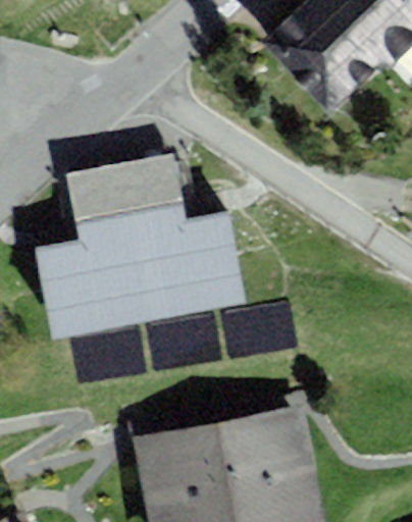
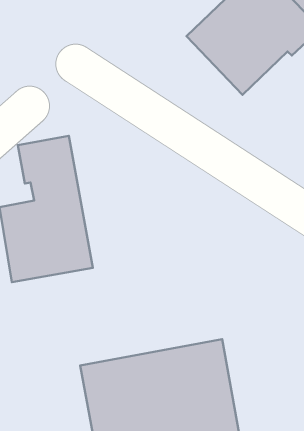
building: [120,152,246,321] -> none

